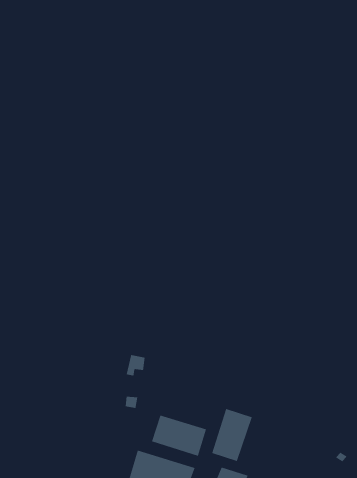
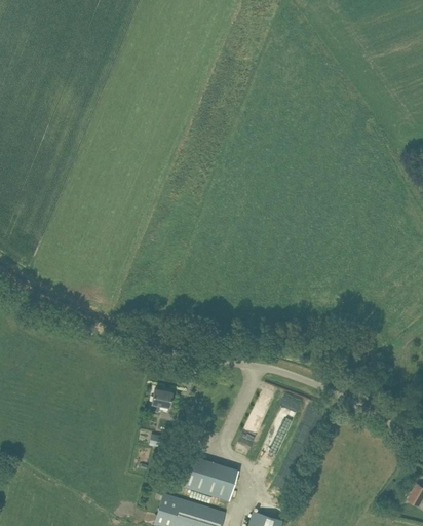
building: [211,408,253,462] -> none

